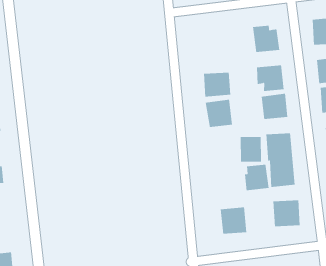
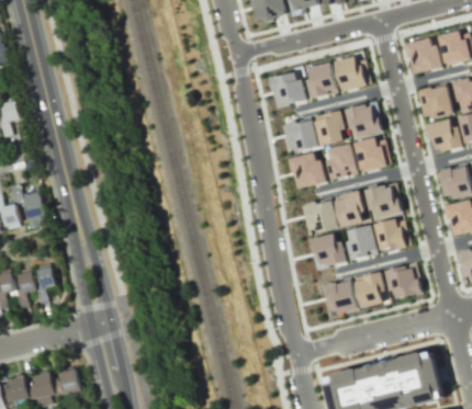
building: none -> [304,61,337,99]
building: none -> [269,71,306,107]
building: none -> [313,111,347,146]
building: none -> [325,144,358,180]
building: none -> [301,198,338,234]
building: none -> [307,232,347,270]
building: none -> [353,271,385,308]

